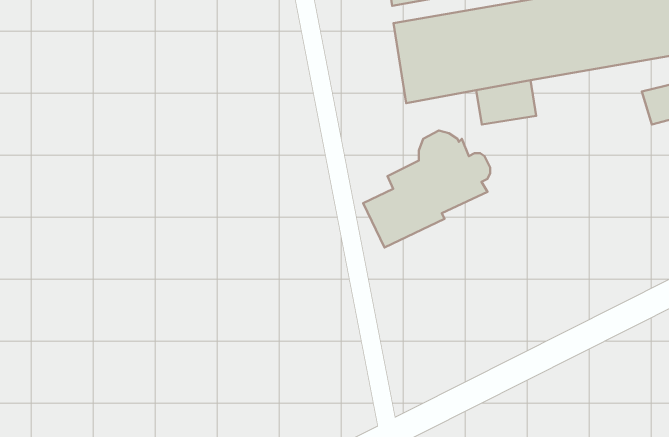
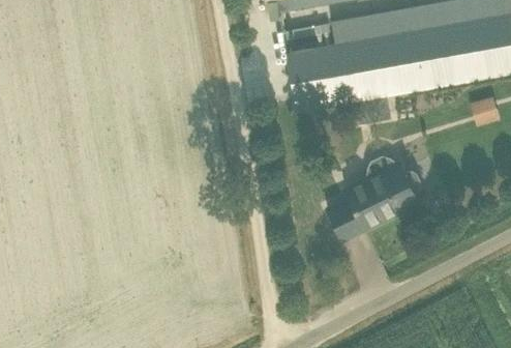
building: [363,130,490,247] -> [329,148,421,233]

